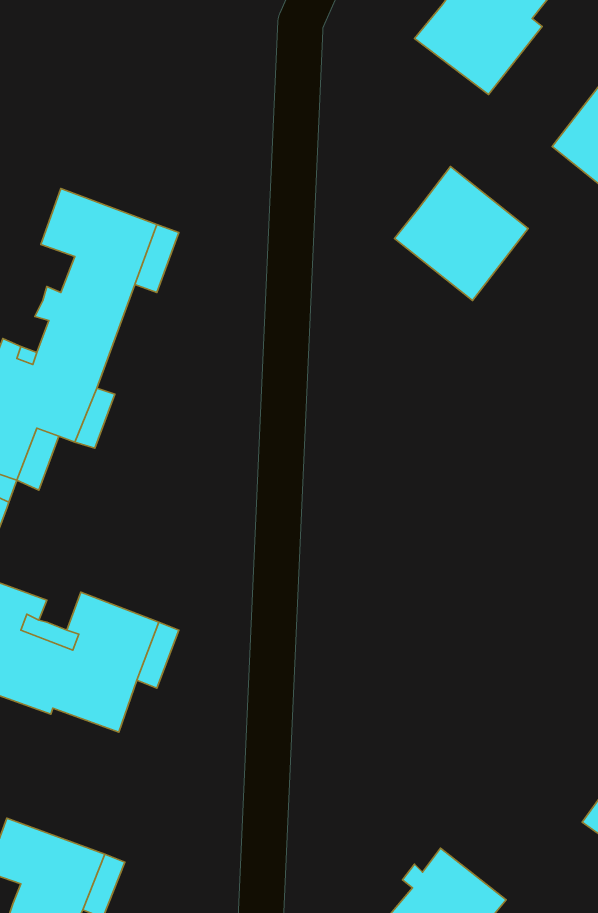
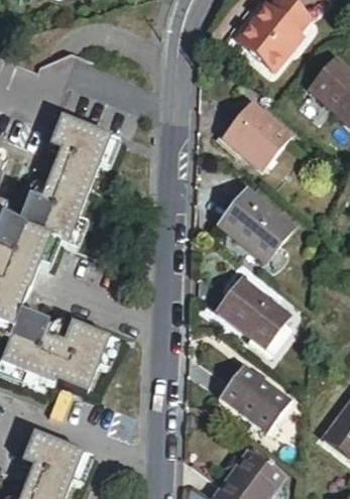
building: none -> [217,188,290,258]
building: none -> [211,271,289,352]
building: none -> [221,362,294,429]

